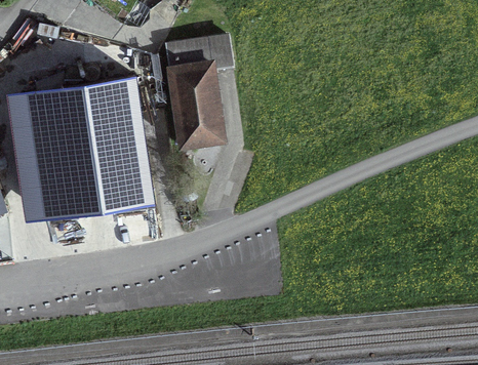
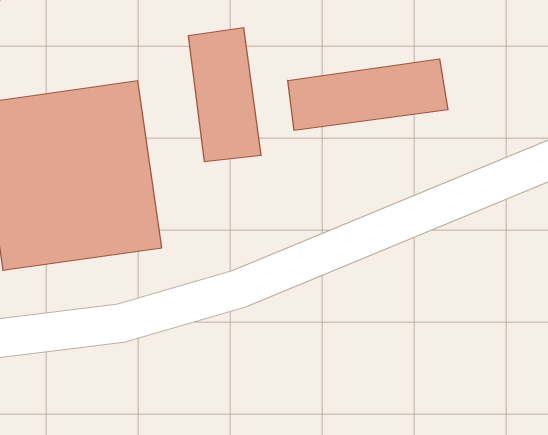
building: none -> [288,59,448,130]

